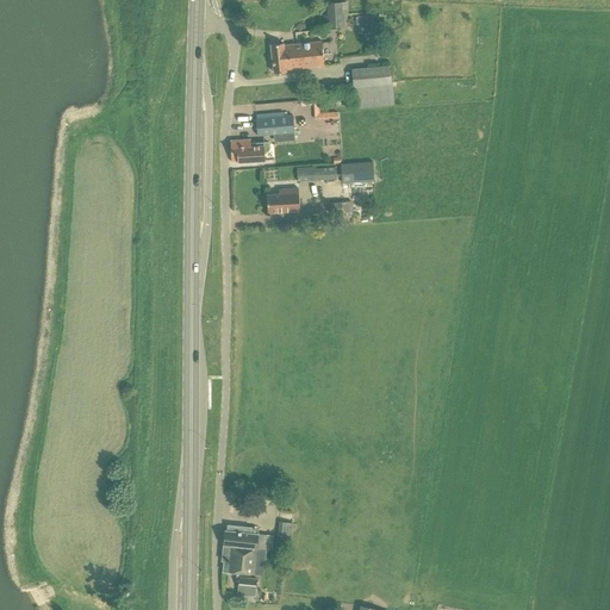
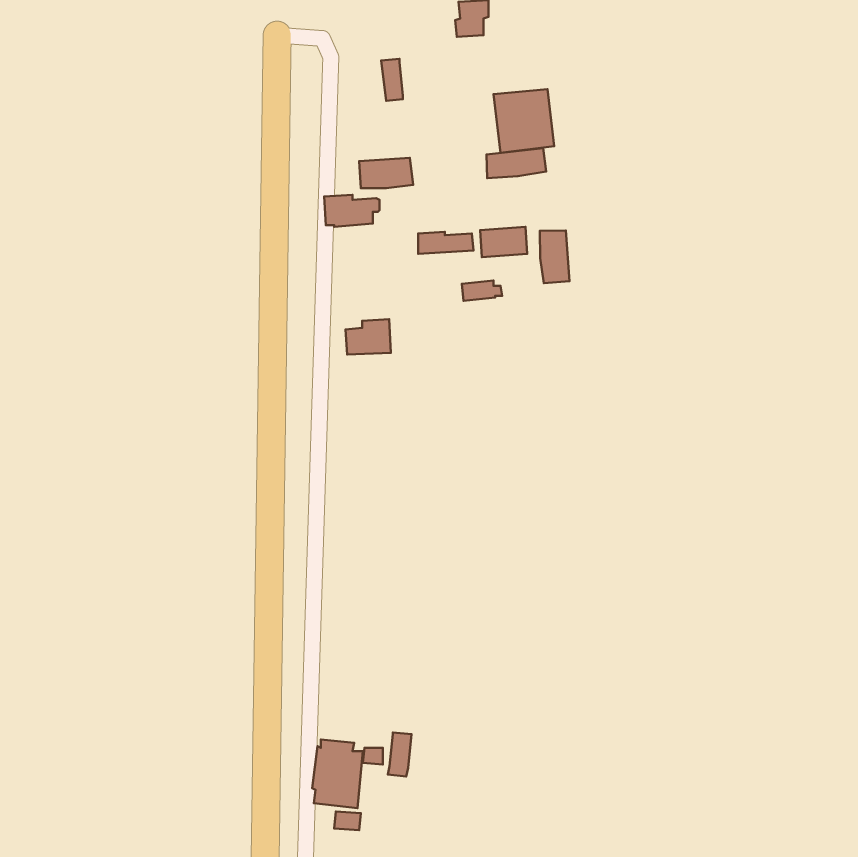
building: [284,41,324,68] -> none
building: none -> [486,148,546,178]
building: none -> [540,230,569,283]
building: [267,186,299,211] -> [345,319,391,355]

